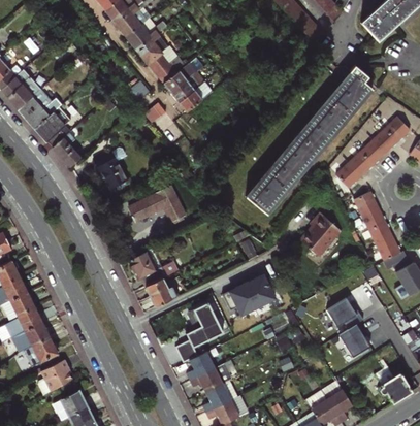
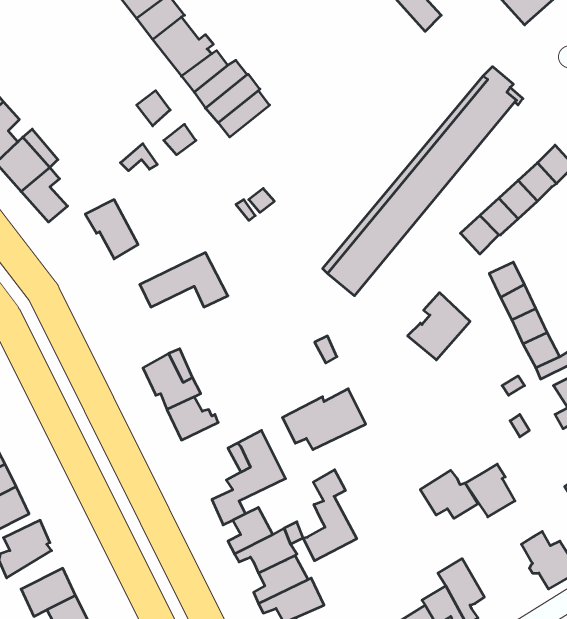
building: [327,298,364,329] -> [420,470,478,518]
building: none -> [303,470,357,561]

